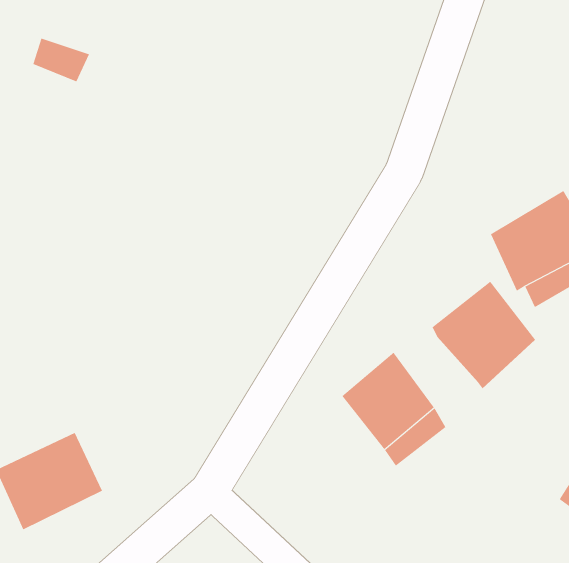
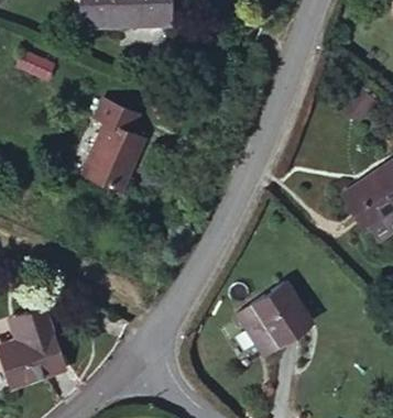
building: none -> [91,103,145,196]
building: [432,281,536,389] -> none

